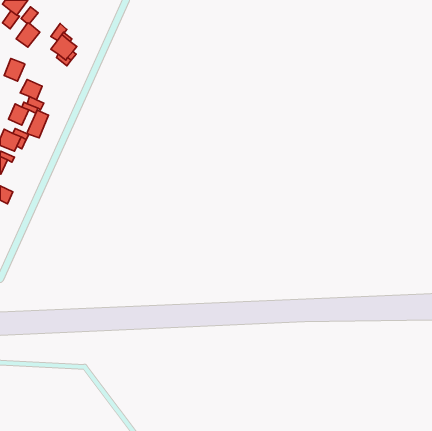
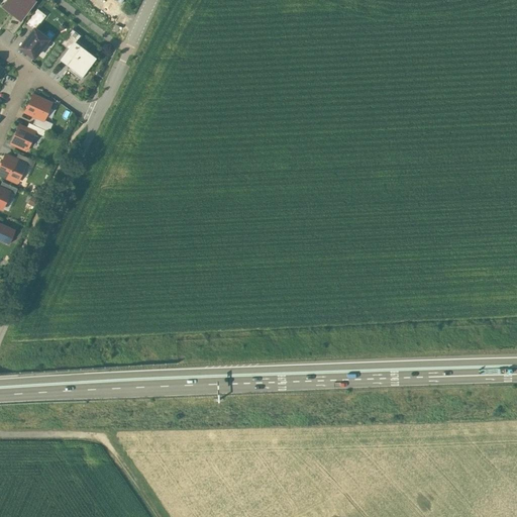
building: [4,59,25,81] -> none
building: [27,110,49,138] -> none

